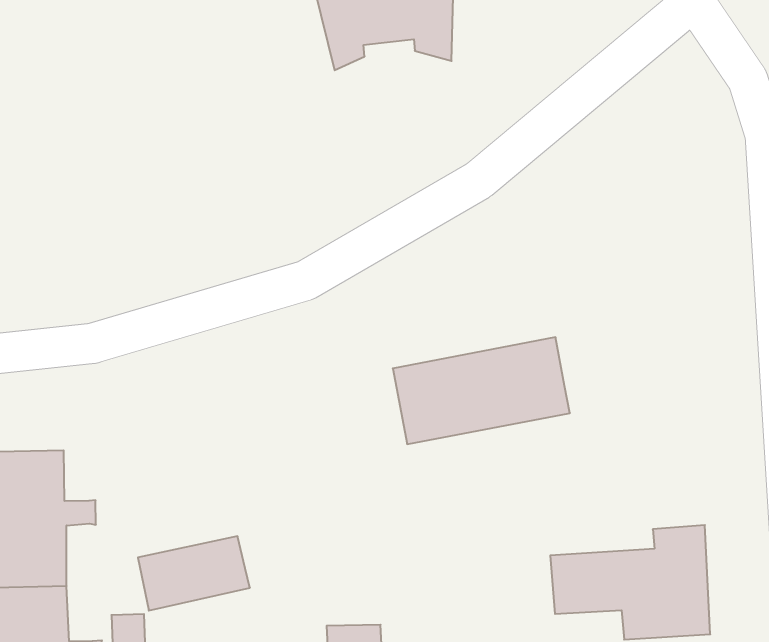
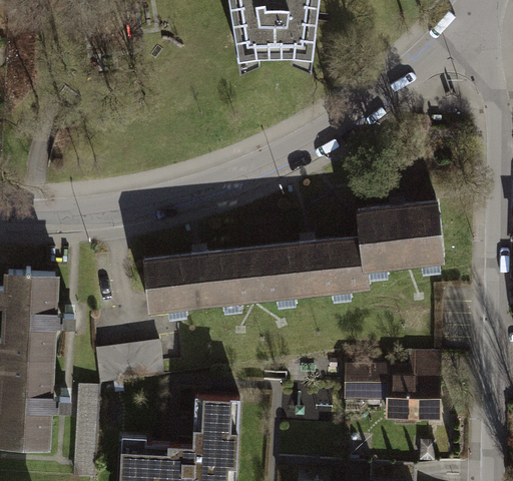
building: none -> [359,205,444,266]
building: none -> [143,247,265,307]

